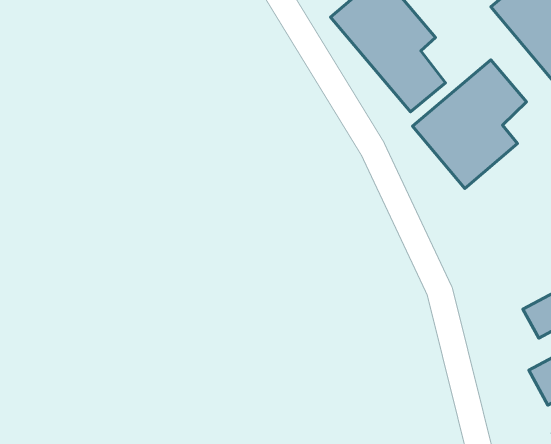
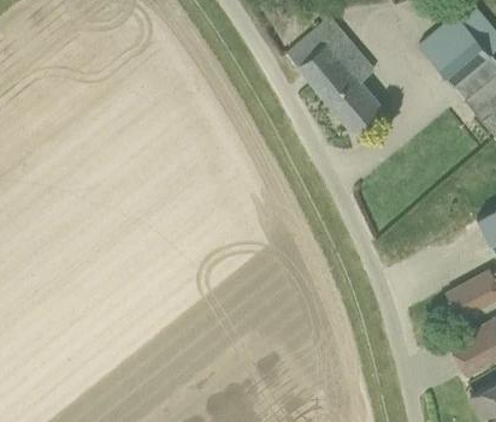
building: [412,60,527,189] -> none

